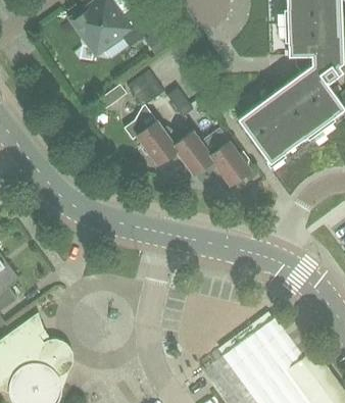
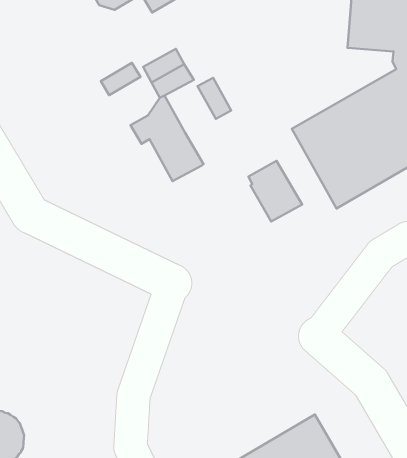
building: [162,127,213,174] -> none

